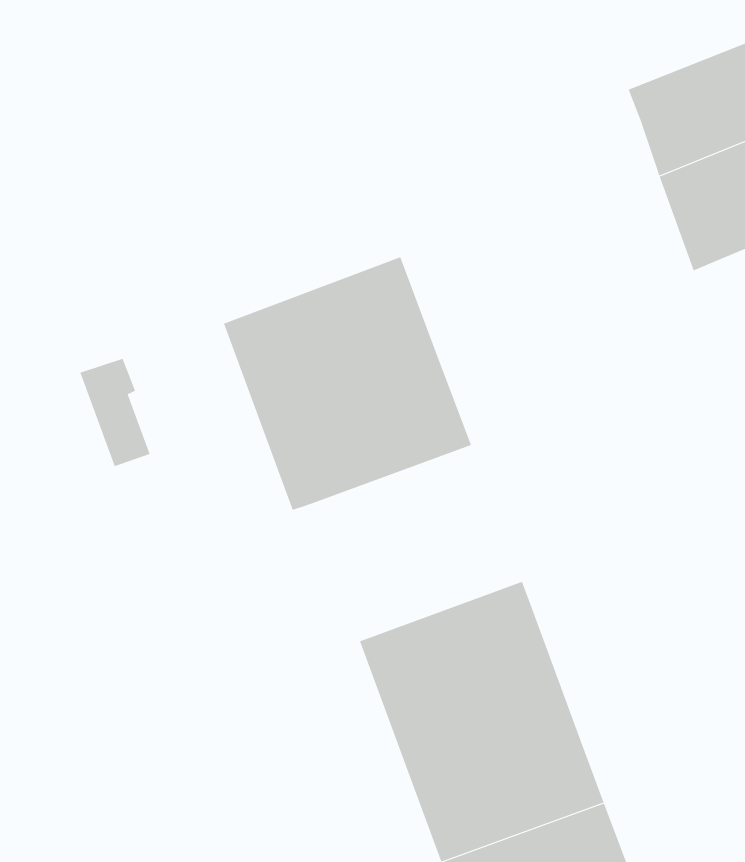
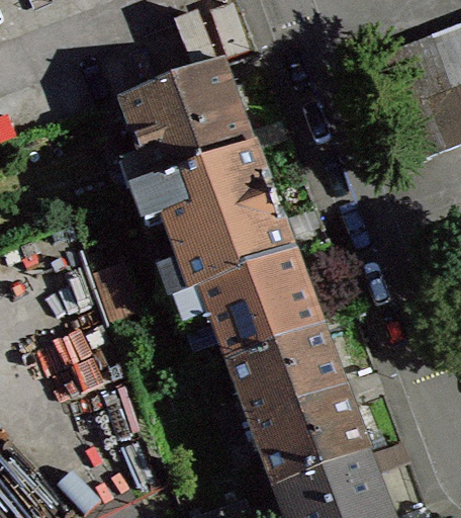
building: none -> [123,65,255,193]
building: none -> [203,255,322,364]

